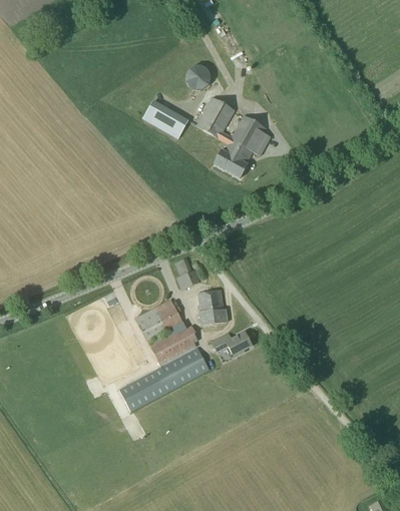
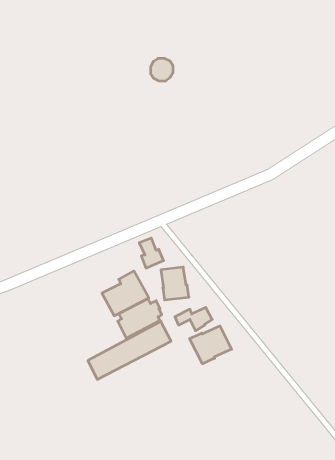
building: [195,97,271,178] -> none
building: [147,102,193,137] -> none
building: none -> [190,326,232,364]

